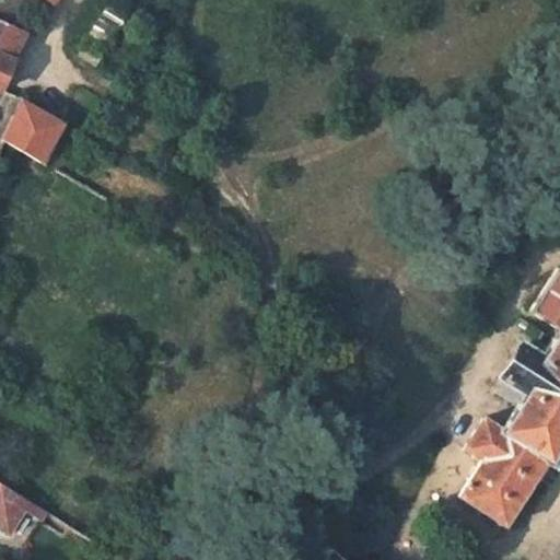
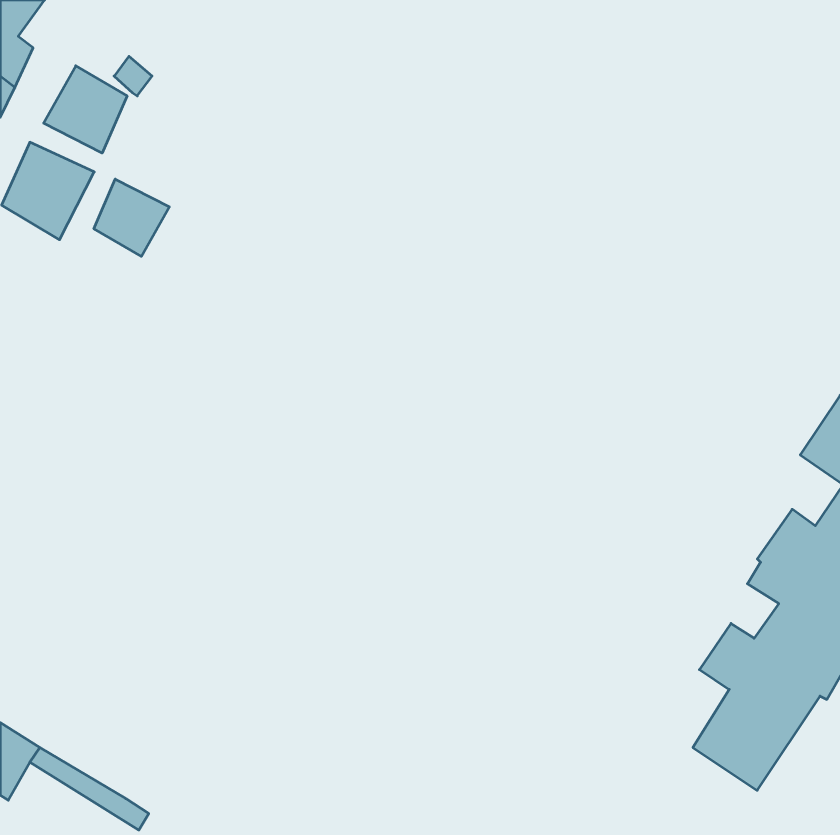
building: none -> [44,66,127,153]
building: none -> [94,179,169,256]

